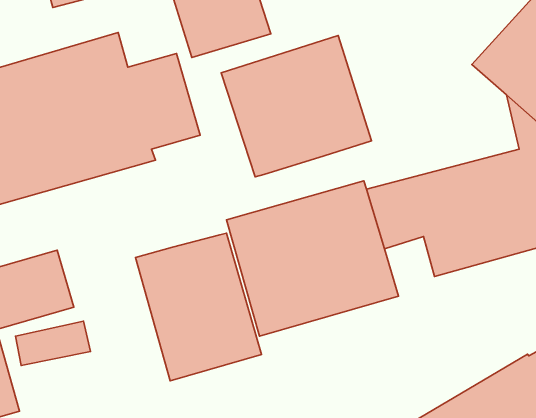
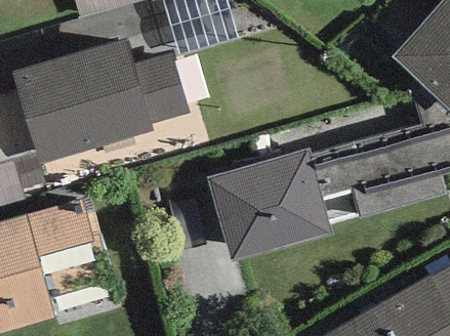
building: [221,35,372,177] -> none
building: [136,233,261,381] -> none

